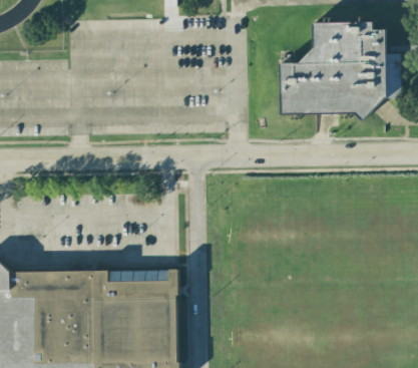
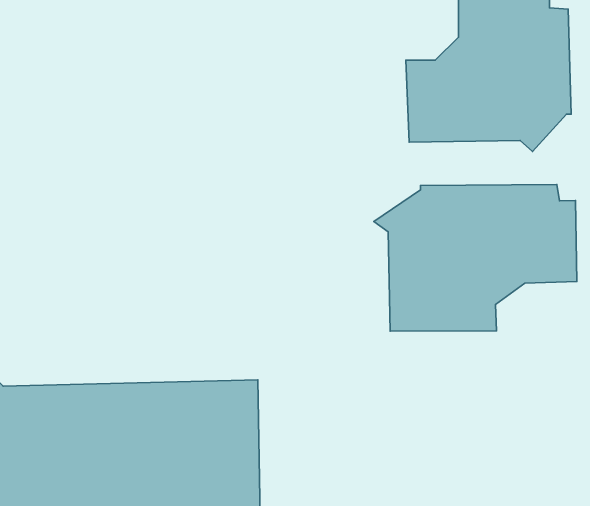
building: none -> [374,185,577,331]

